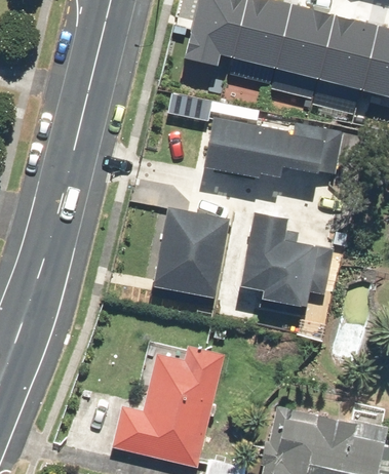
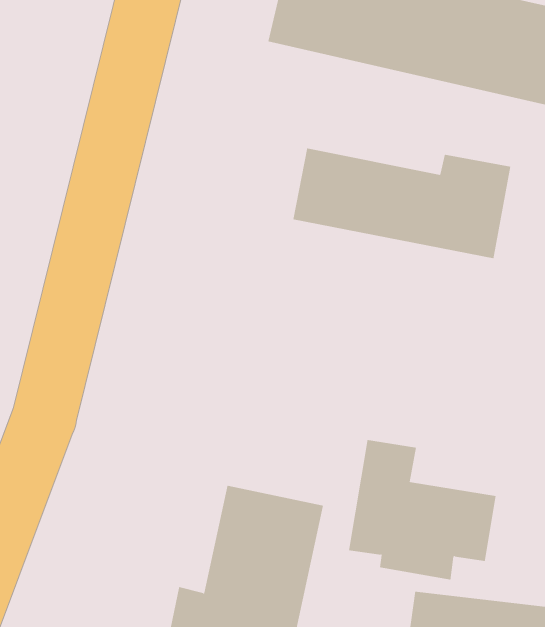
building: [151,208,226,297] -> none
building: [239,212,337,305] -> [348,440,496,580]

